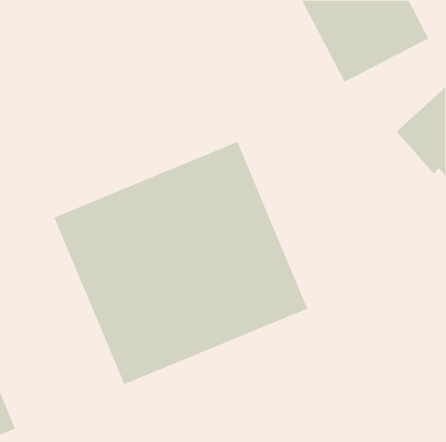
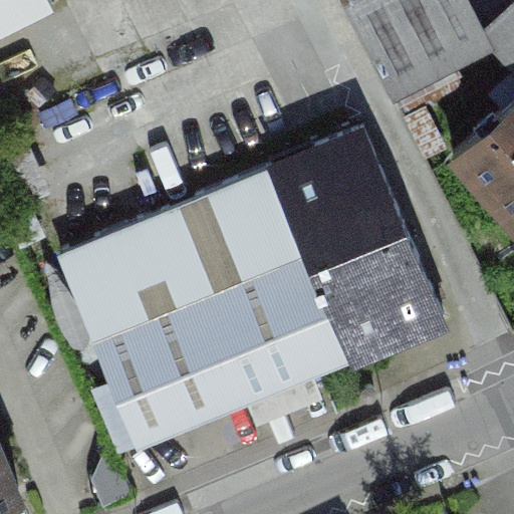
building: none -> [272,131,444,360]

